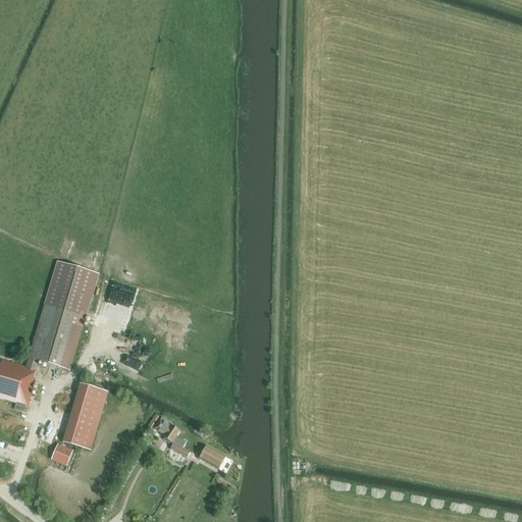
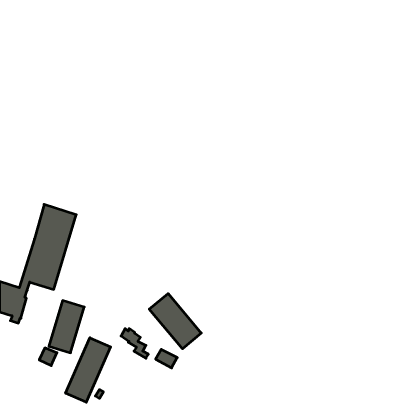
building: none -> [149,294,201,349]
building: none -> [66,338,111,402]

